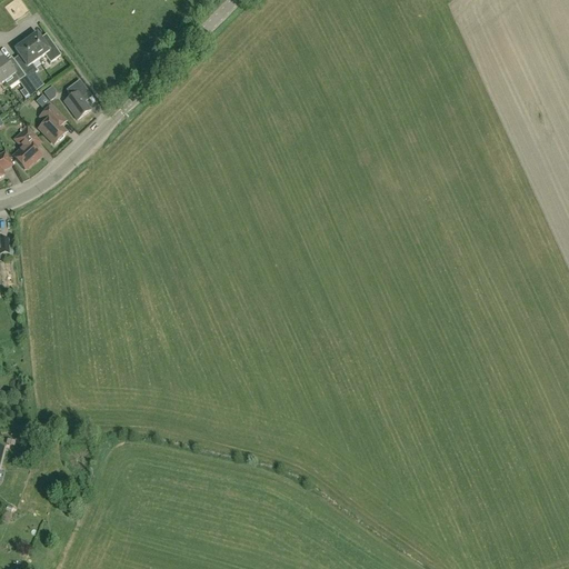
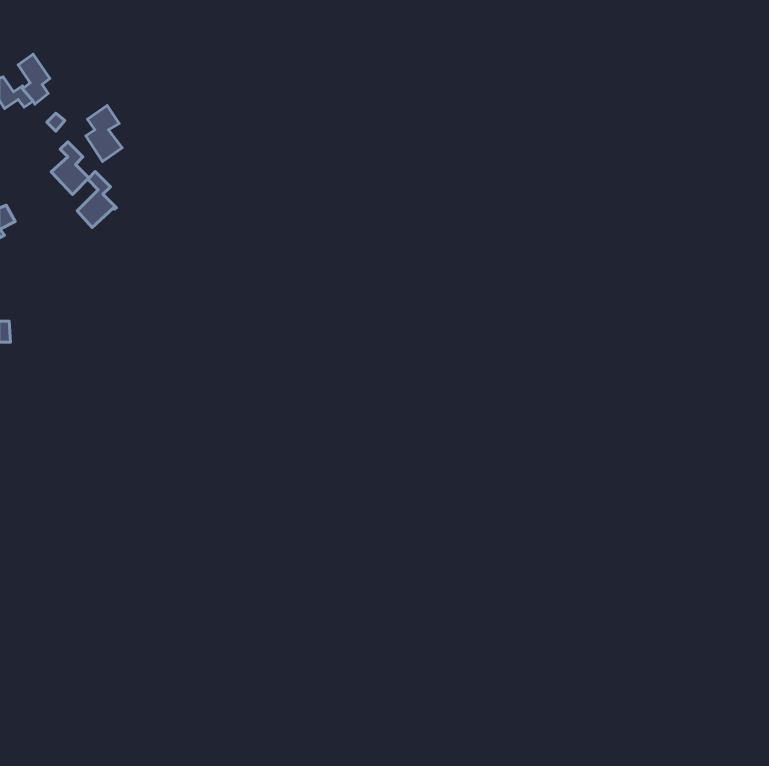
building: [24,32,60,61] -> none
building: [12,127,41,168] -> [77,172,116,227]

